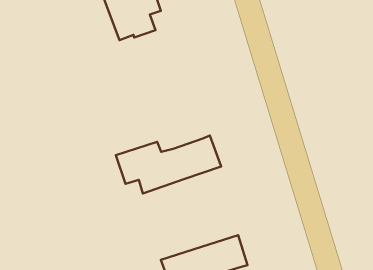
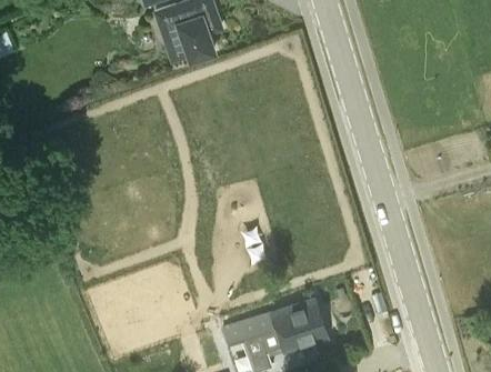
building: [116,135,221,193] -> none

